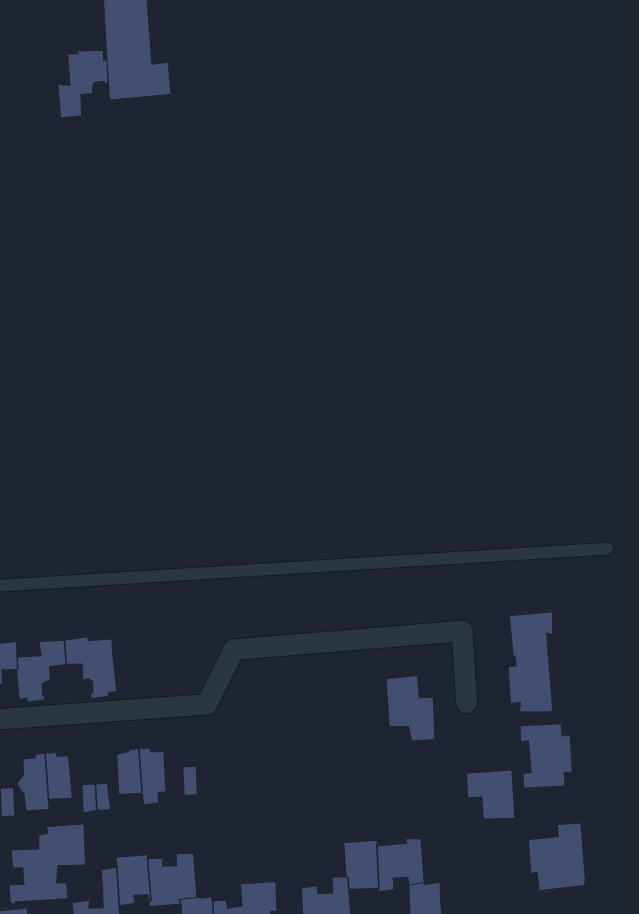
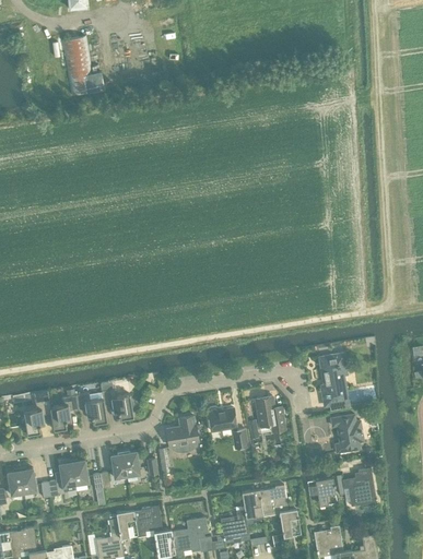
building: [58,50,108,118] -> none
building: none -> [101,388,133,421]
building: none -> [207,407,247,448]
building: none -> [165,415,198,451]
building: [466,770,515,819] -> [306,476,336,504]
building: [9,824,85,904] -> none

